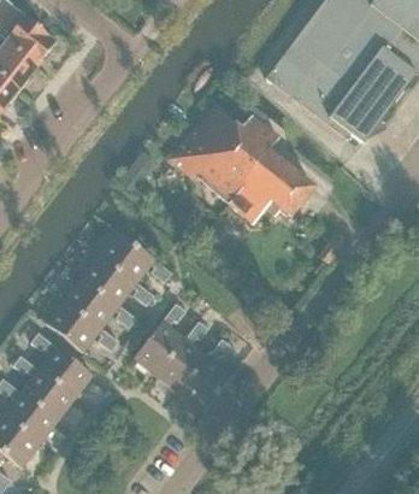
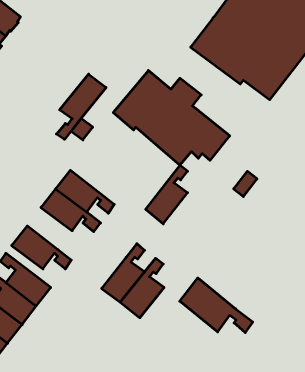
building: none -> [56,74,106,139]
building: [64,275,136,328] -> none
building: [134,302,185,375] -> [146,165,188,224]
building: none -> [180,278,253,333]

